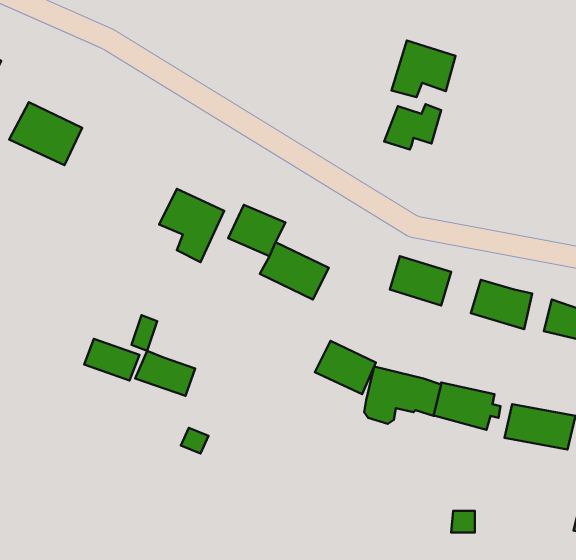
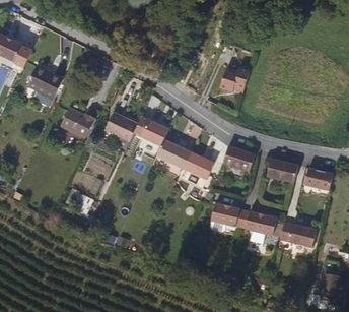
building: [391,41,455,97] -> none
building: none -> [60,108,96,138]
building: [315,341,376,394] -> [183,151,214,179]
building: [135,351,195,396] -> none

